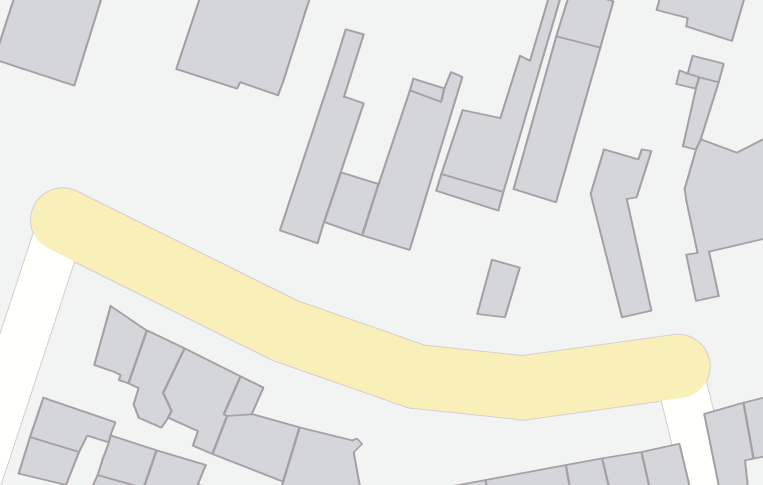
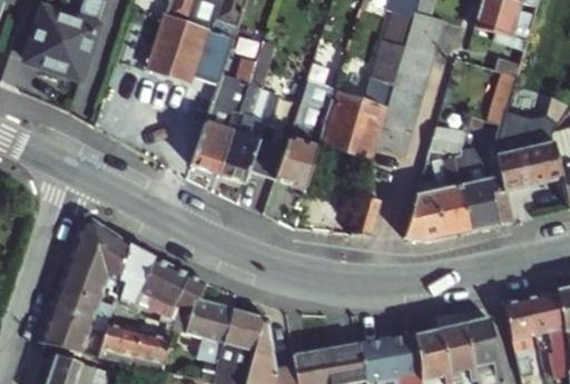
building: none -> [193,58,257,176]
building: none -> [454,148,502,230]
building: none -> [406,151,451,240]
building: none -> [59,219,107,302]

